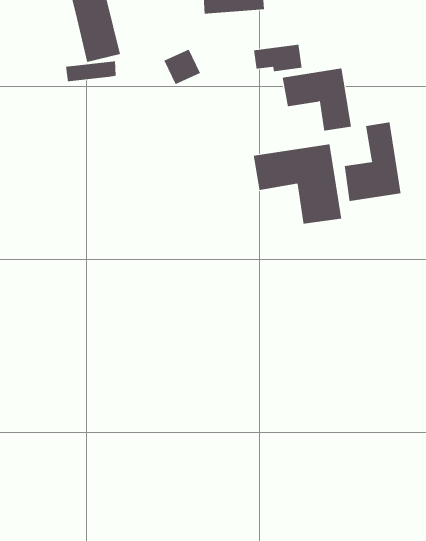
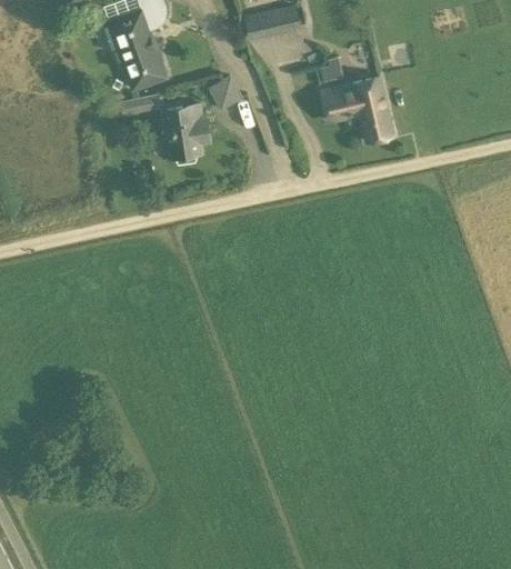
building: none -> [162,103,210,162]
building: [344,121,401,202] -> none
building: [253,143,342,224] -> none

